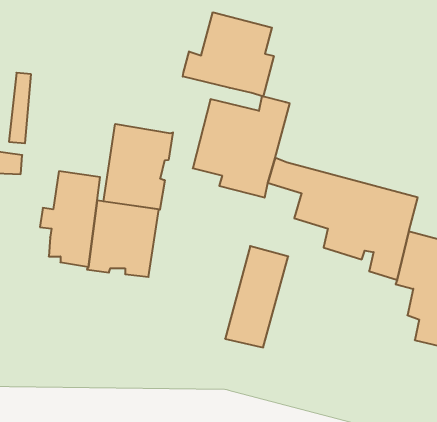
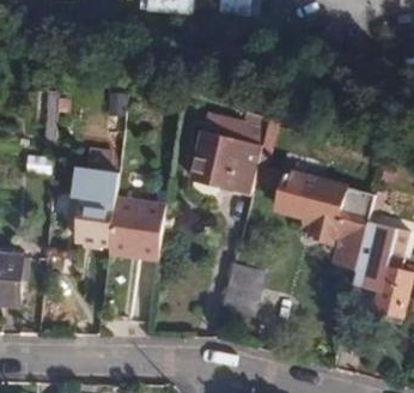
building: [183,12,274,97] -> none
building: [103,124,173,210] -> none

